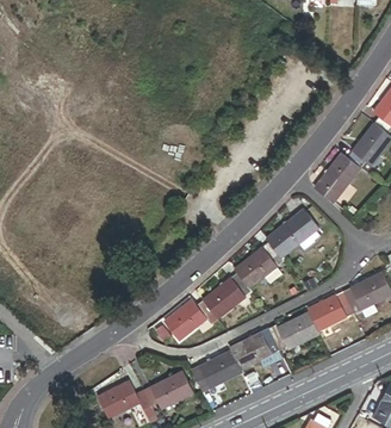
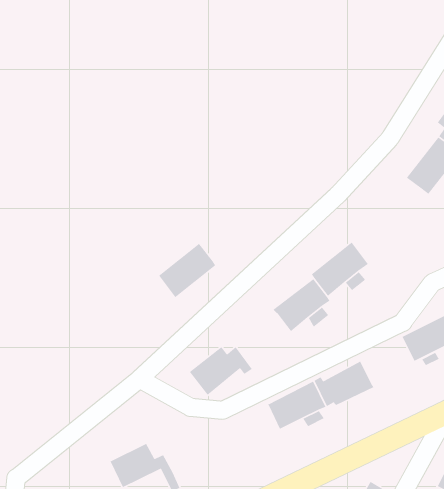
building: [315,153,360,201] -> none
building: [204,272,253,318] -> [158,243,216,298]
building: [308,291,354,330] -> none
building: [192,349,242,392] -> none
building: [143,371,193,409] -> none

